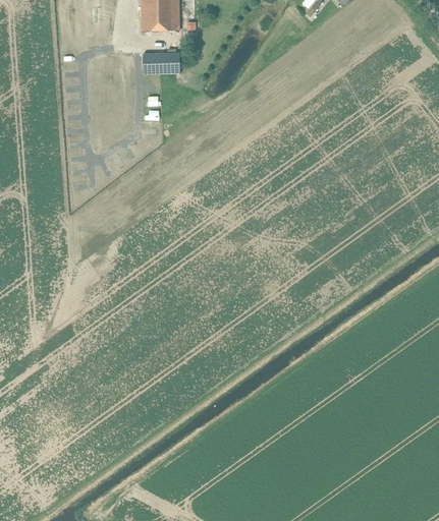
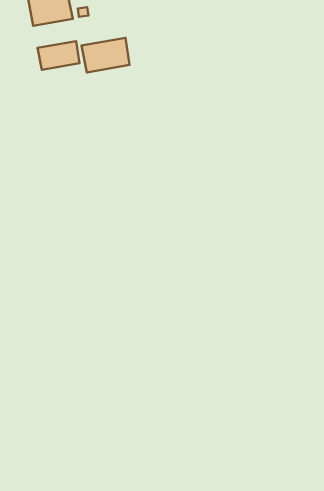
building: none -> [82,38,130,72]

